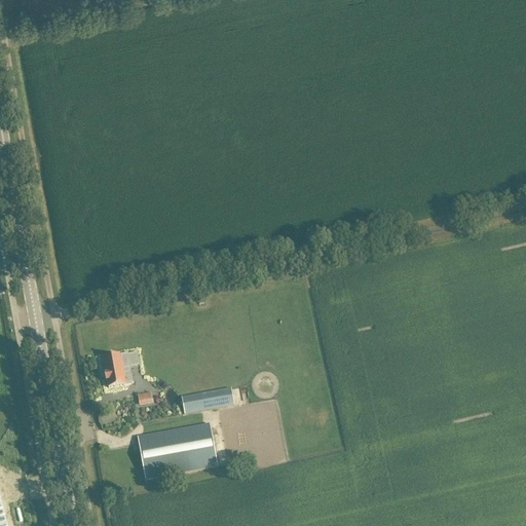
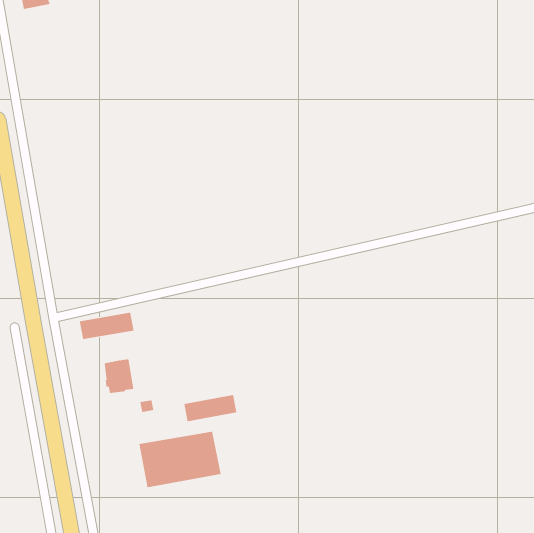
building: none -> [79,312,134,340]

